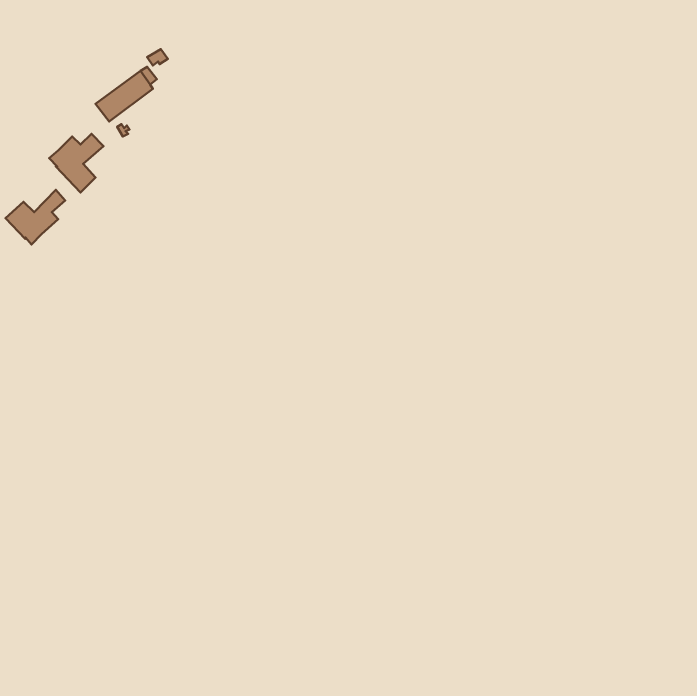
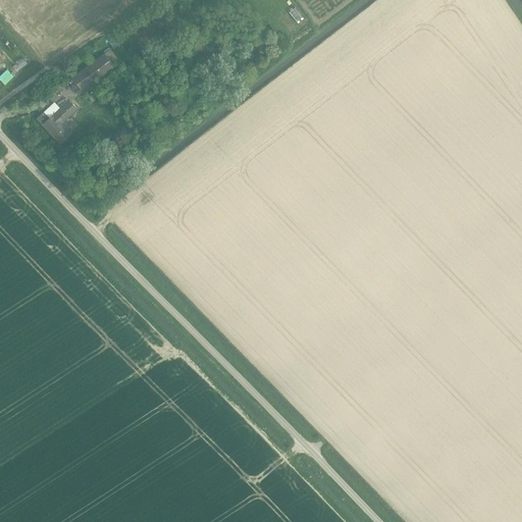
building: [6,190,65,245] -> none

